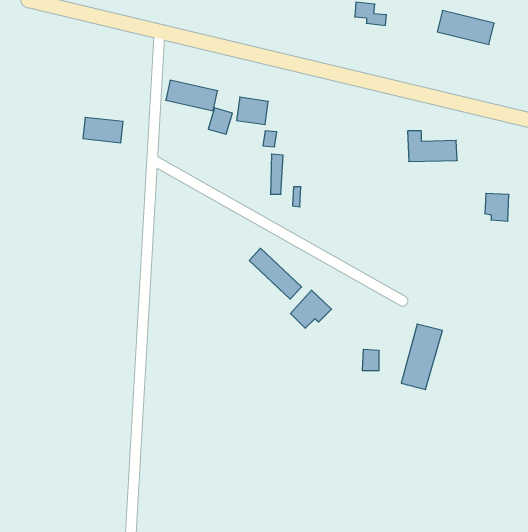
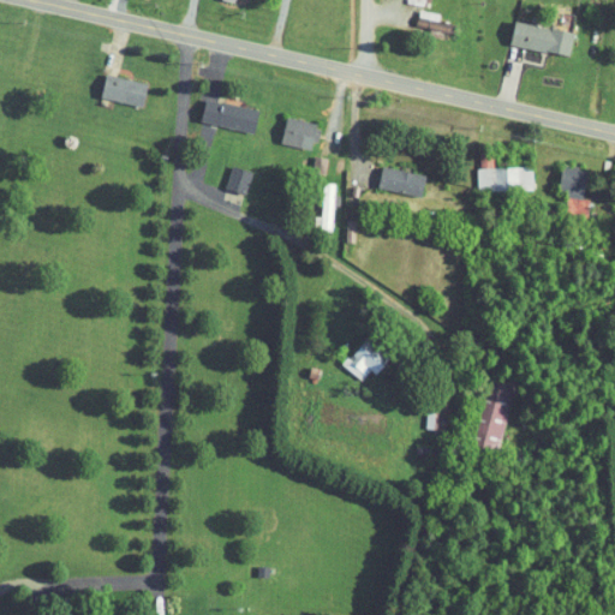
building: [208,108,232,134] -> [225,166,252,196]
building: [83,117,123,143] -> [102,77,148,106]
building: none -> [378,167,428,198]
building: [485,194,509,221] -> [560,168,587,199]
building: [249,248,302,299] -> none

